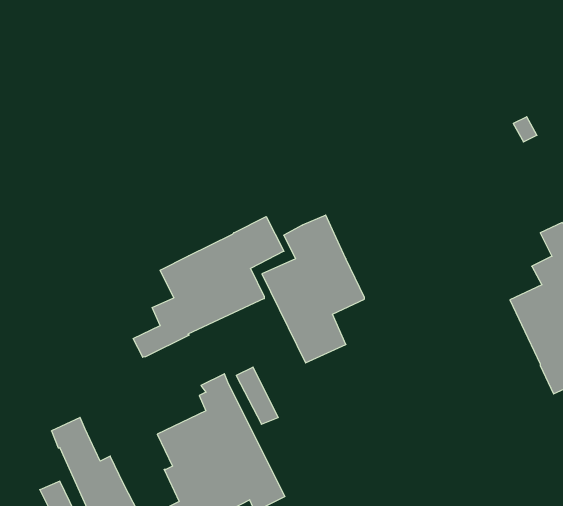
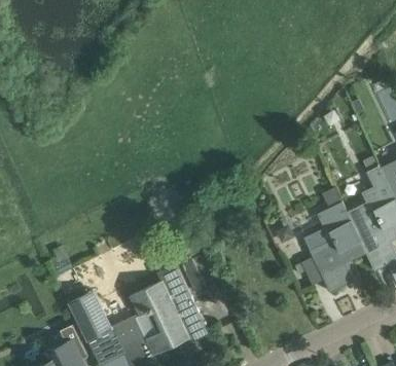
building: [262,215,364,363] -> [302,202,365,292]
building: [133,217,284,357] -> none

